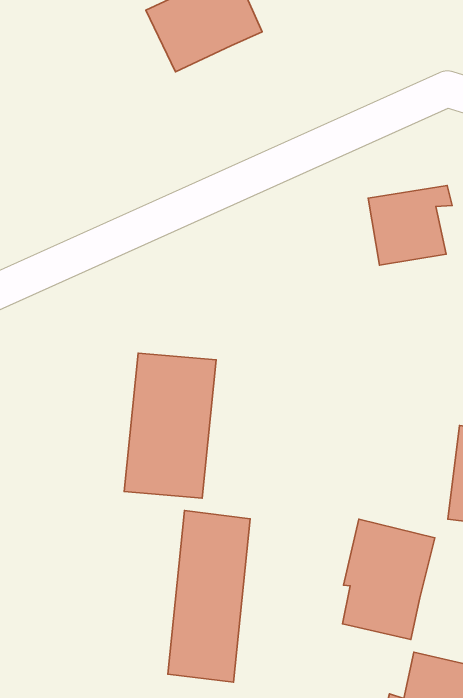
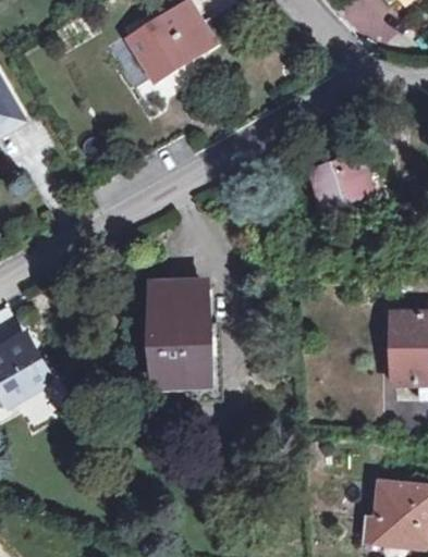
building: [168,510,250,682] -> none
building: [342,519,435,639] -> none

